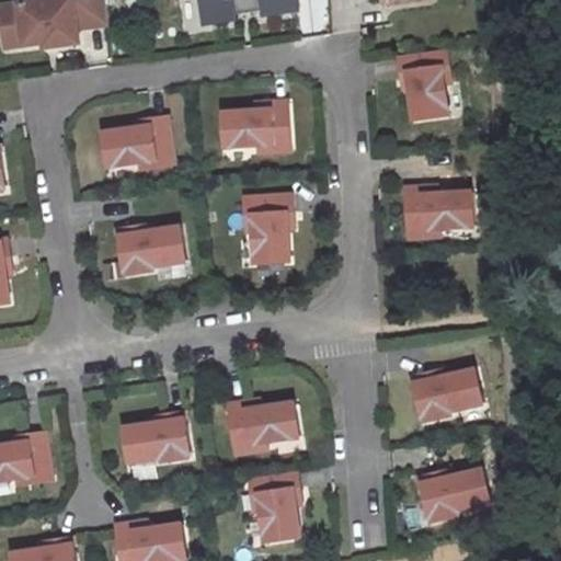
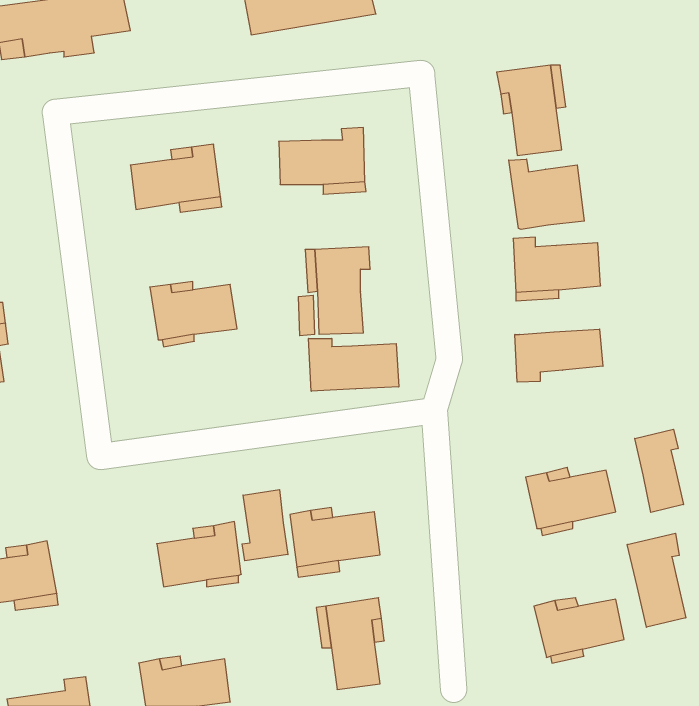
building: none -> [509,159,584,229]
building: none -> [515,329,603,382]
building: none -> [309,338,399,391]
building: none -> [635,429,683,512]
building: none -> [242,490,288,561]
building: none -> [627,533,686,627]

